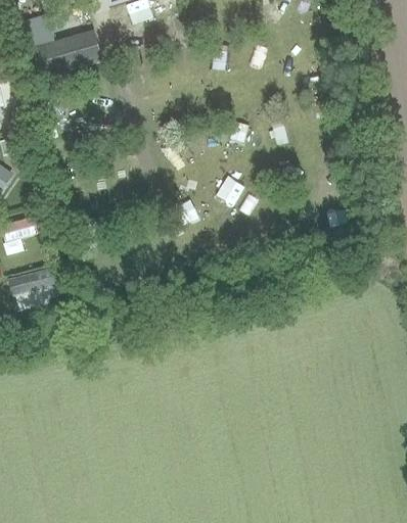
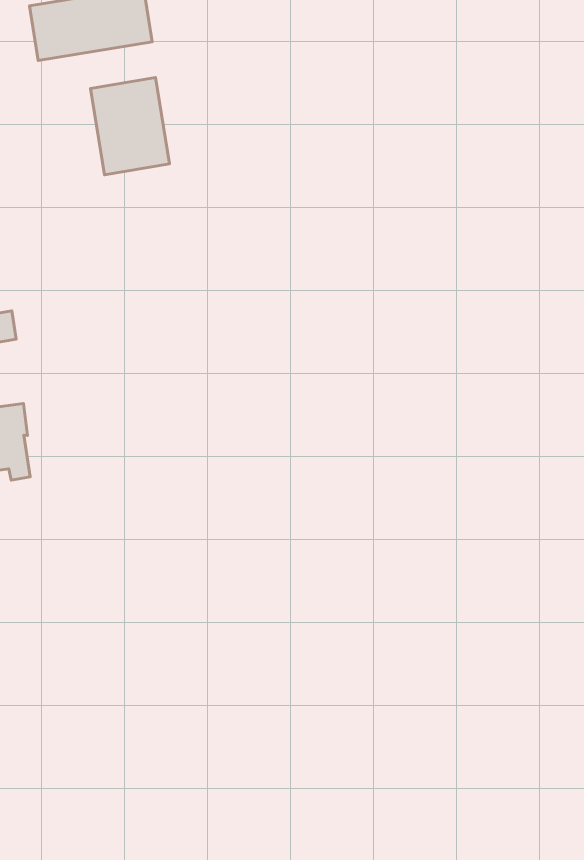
building: none -> [90,77,170,175]

